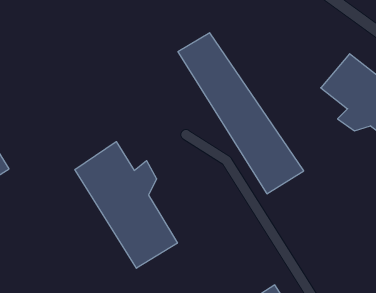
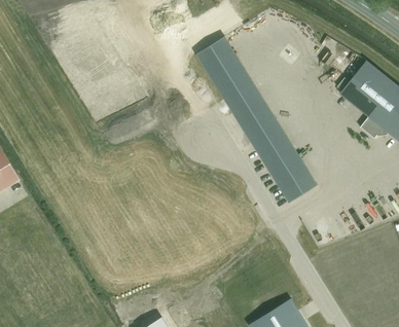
building: [75,142,177,268] -> none

